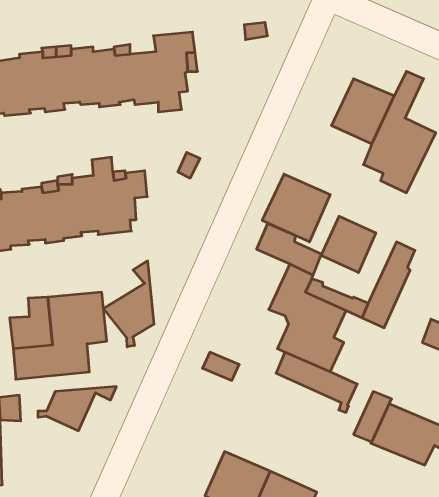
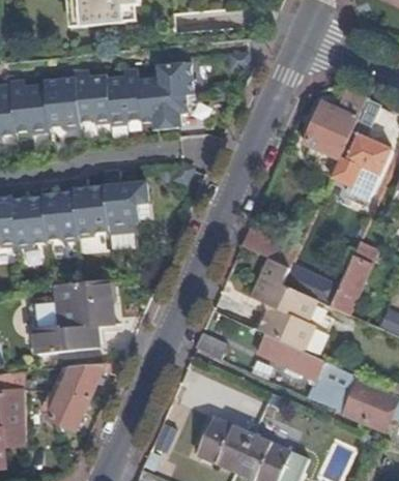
building: [262,174,330,242] -> none
building: [321,216,376,273] -> none
building: [103,261,154,347] -> none
building: none -> [44,387,90,431]

